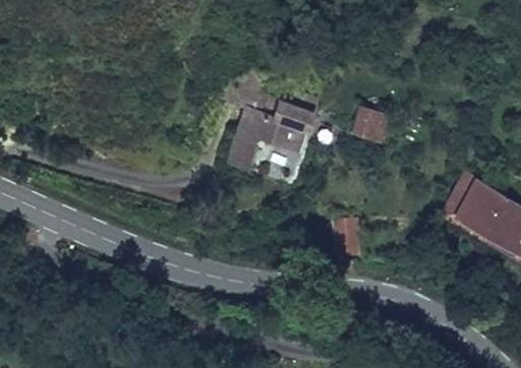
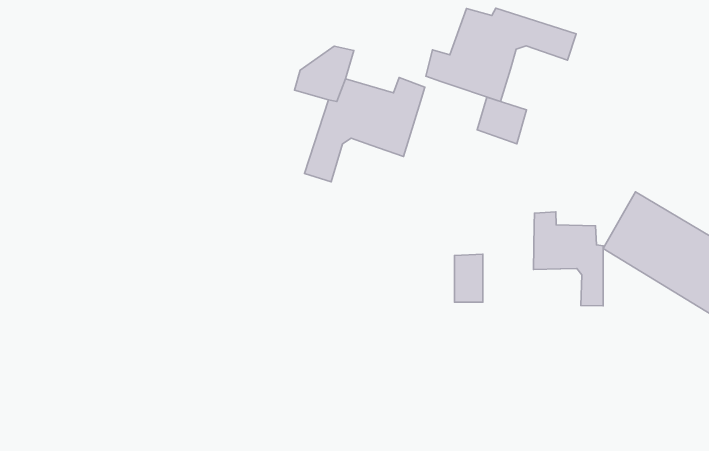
building: none -> [426,8,576,102]
building: none -> [533,212,603,306]

